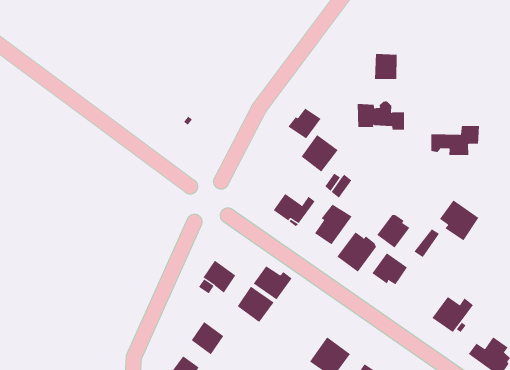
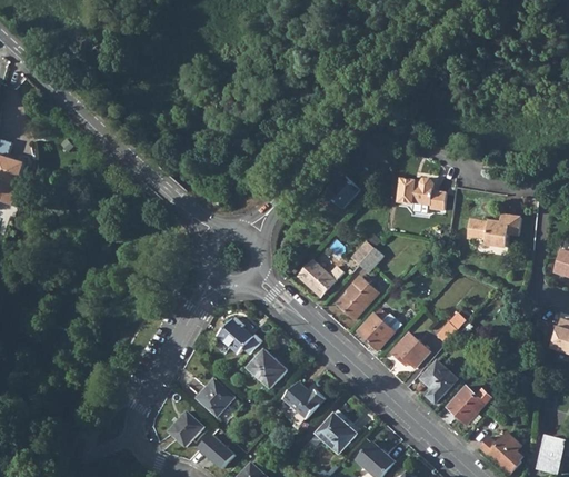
building: [374,53,397,80] -> none
building: [301,134,338,172] -> none
building: [439,199,479,241] -> none
building: [377,214,410,249] -> none
building: [253,266,293,300] -> [283,382,325,419]
building: none -> [419,359,456,396]

